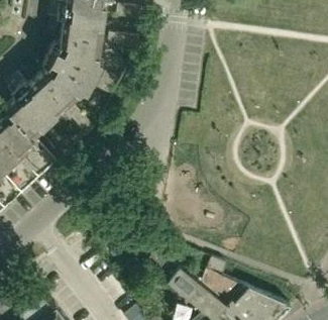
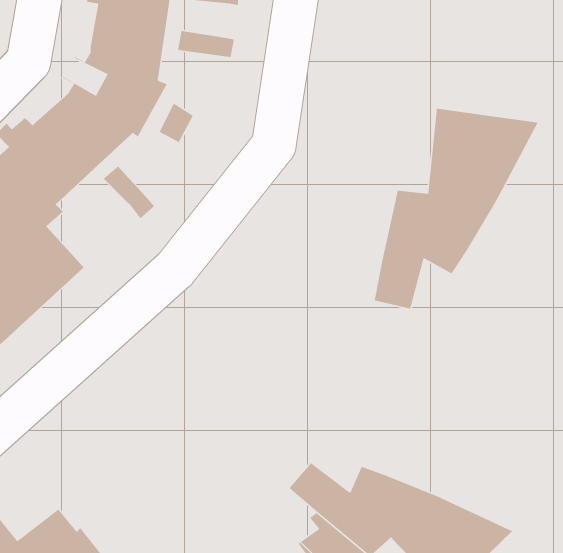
building: none -> [374,108,539,309]

